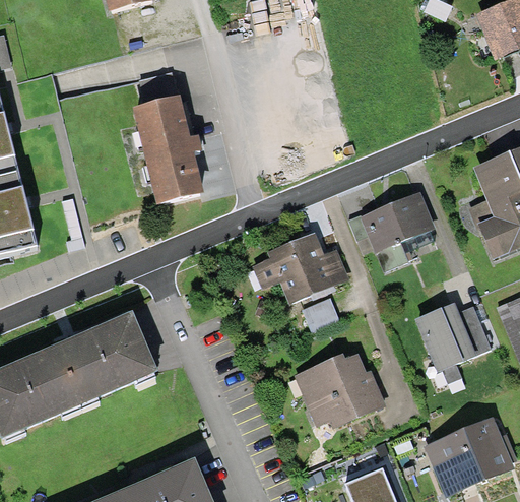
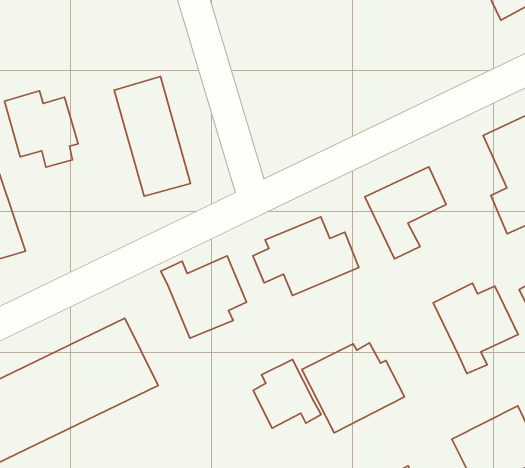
building: none -> [5,91,78,167]
building: none -> [161,256,246,338]
building: [298,297,338,333] -> none
building: none -> [253,359,321,428]

